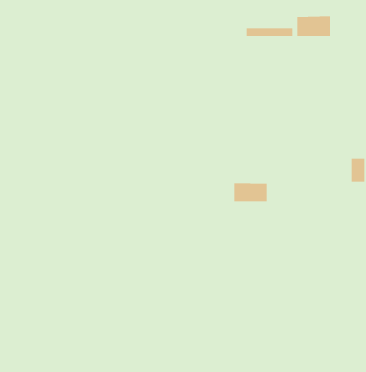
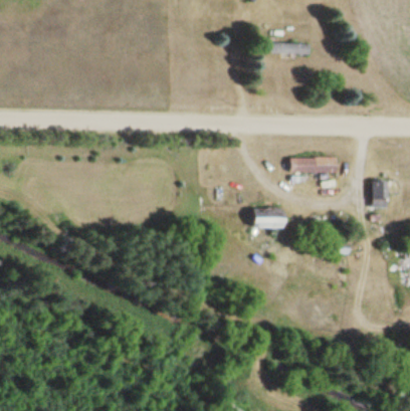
building: [297,16,331,37] -> none
building: none -> [289,158,341,174]

